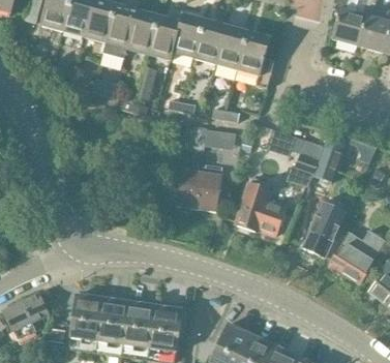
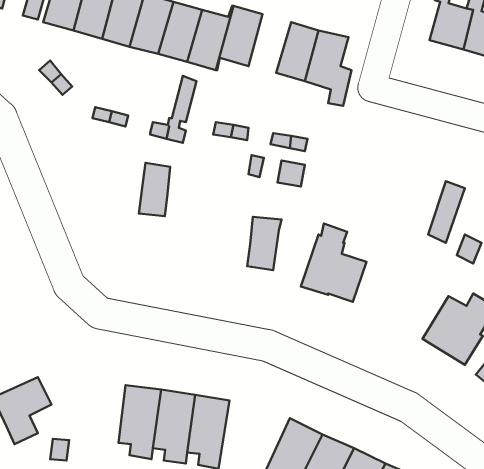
building: [196,19,228,63] -> none
building: [284,140,339,186] -> none
building: [175,169,199,209] -> [139,163,170,216]
building: [301,201,346,258] -> none
building: [68,295,102,351] -> none

